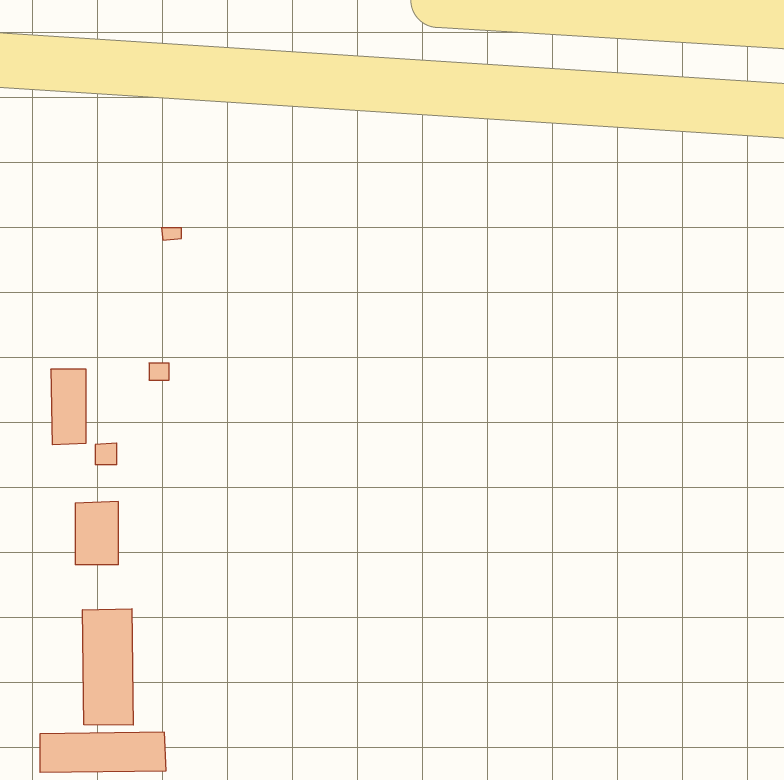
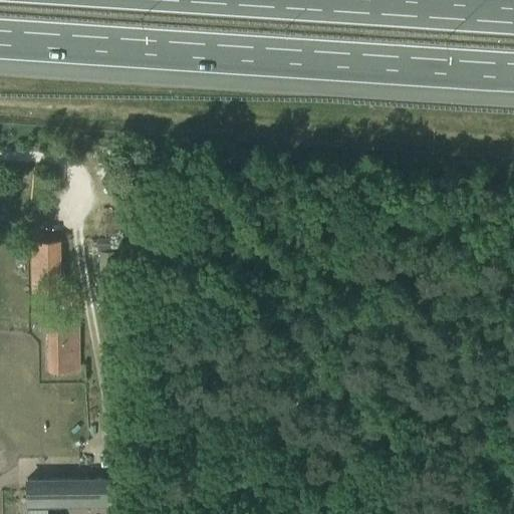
building: [83,609,133,725] -> none

